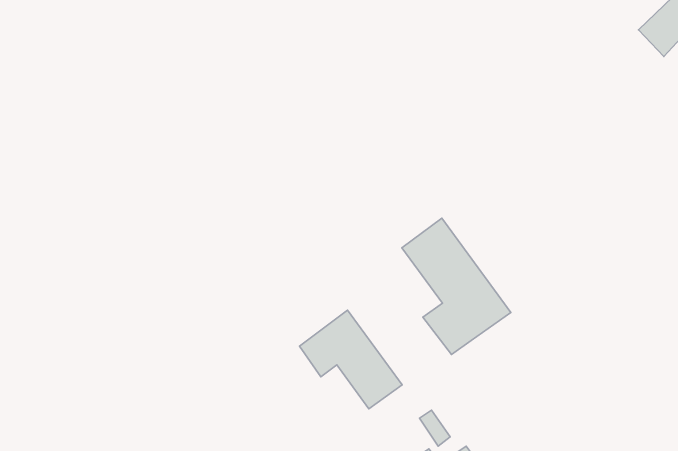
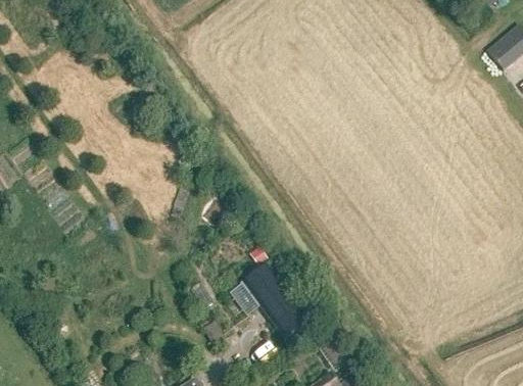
building: [402,218,511,355] -> none

